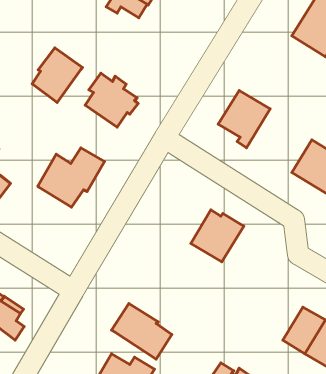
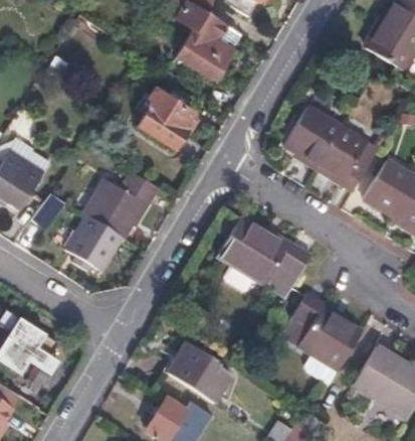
building: none -> [178,26,231,77]
building: [32,48,82,102] -> none
building: none -> [318,127,378,193]
building: none -> [64,213,122,270]
building: none -> [219,218,275,276]
building: none -> [281,293,364,383]

